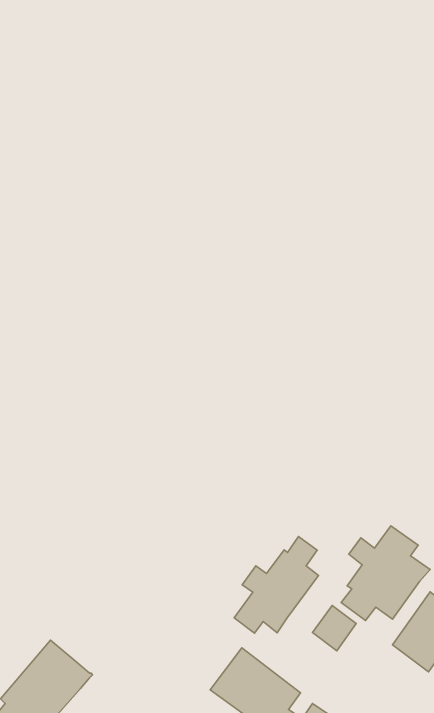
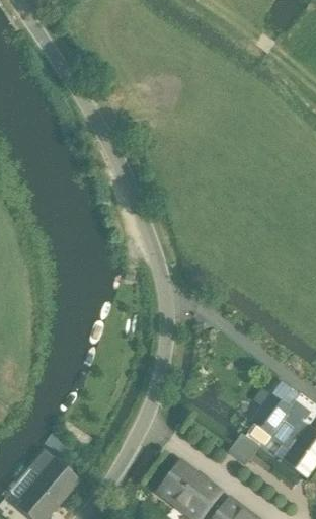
building: [234,537,319,633] -> none

